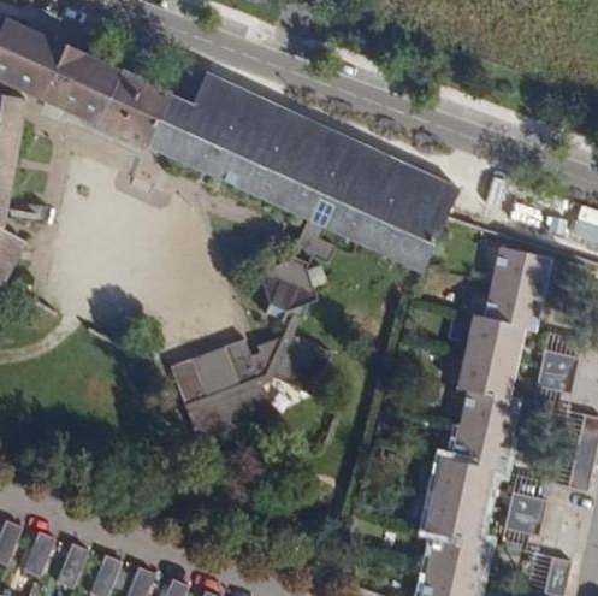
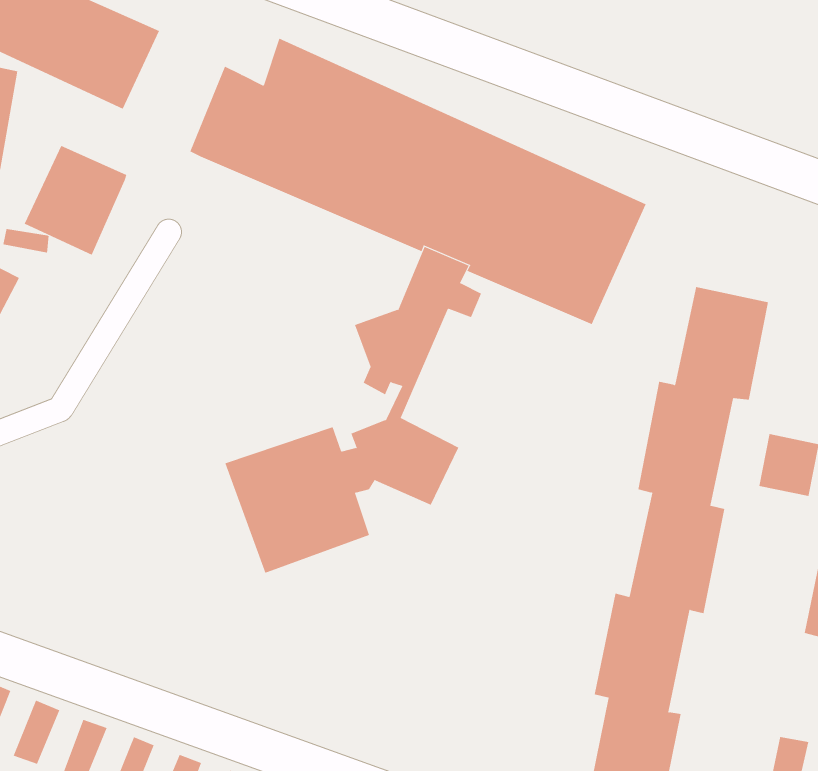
building: [100,70,171,146] -> [24,145,127,255]
building: [507,491,549,532] -> none

